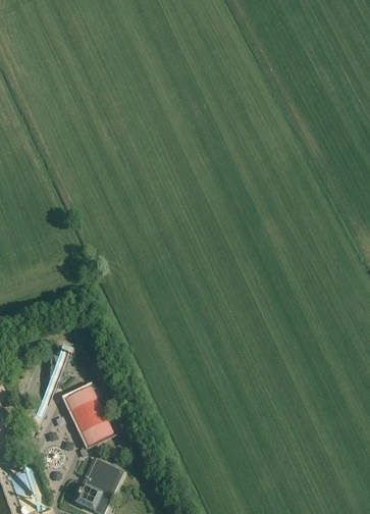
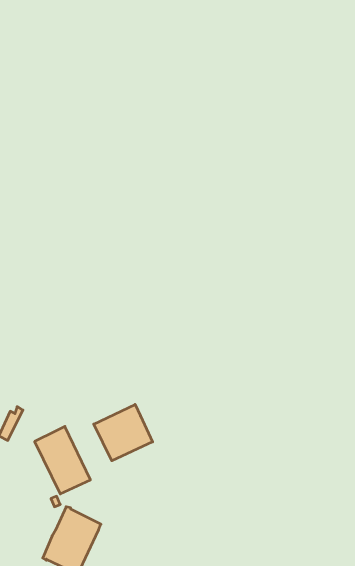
building: none -> [94,404,153,461]

